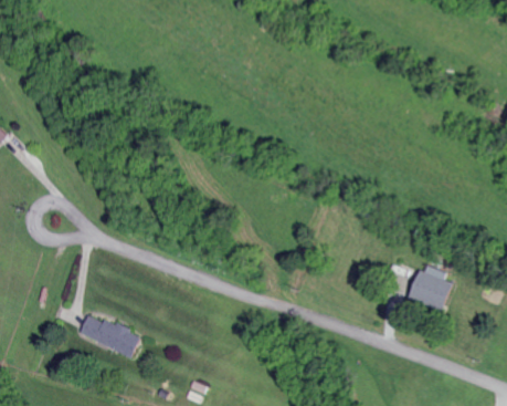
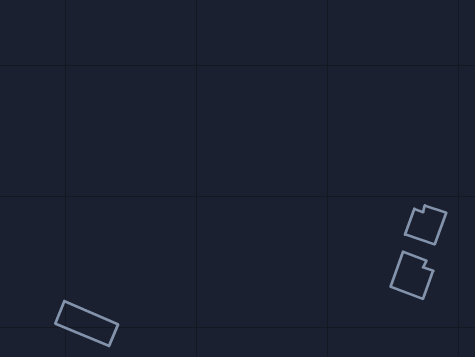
building: none -> [405,205,446,244]

